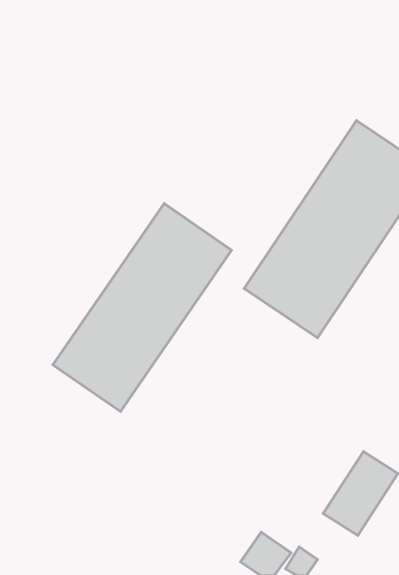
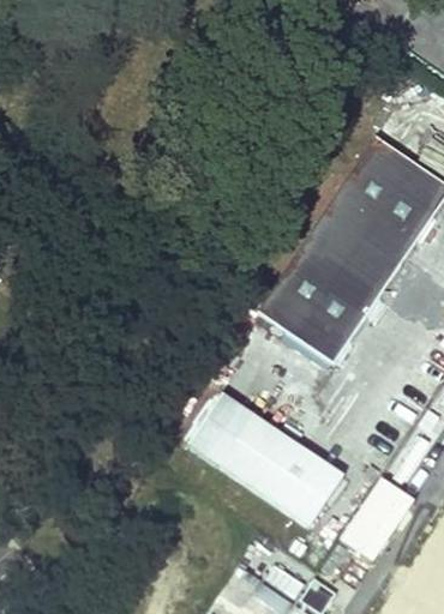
building: [53,204,232,412] -> none
building: none -> [185,390,338,522]

